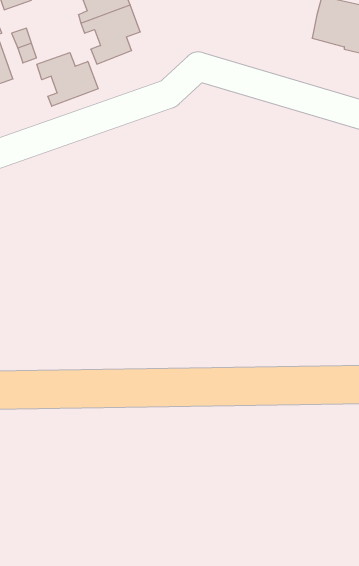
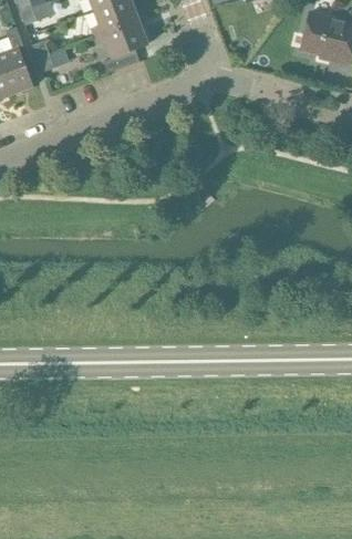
building: [37,53,98,106] -> none

